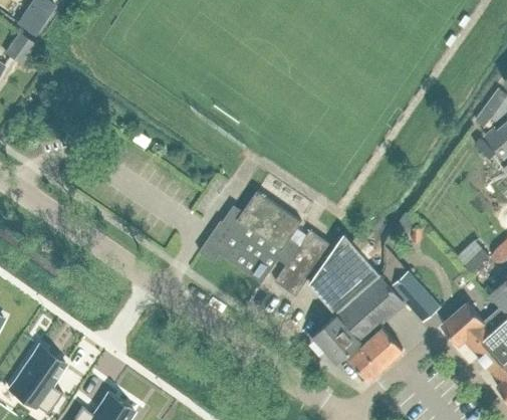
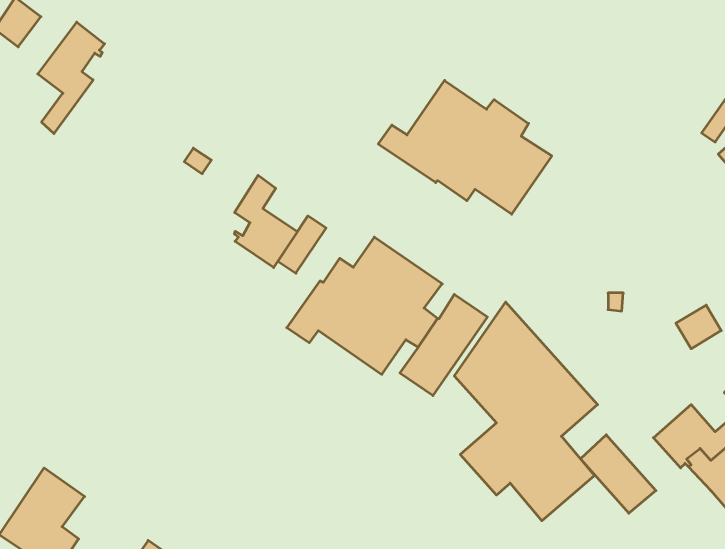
building: none -> [38,22,105,134]
building: none -> [378,80,552,214]
building: none -> [235,175,297,268]
building: [392,271,442,324] -> [581,435,656,513]

